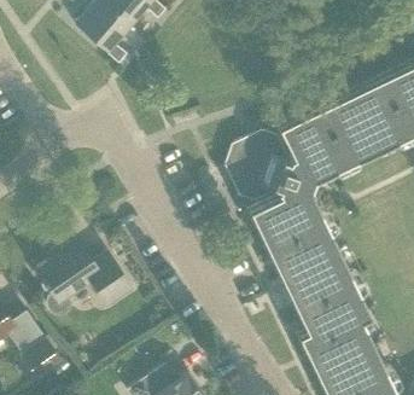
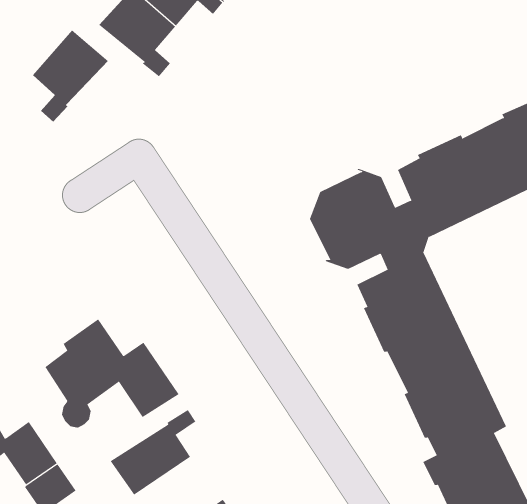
building: none -> [32,30,109,122]
building: none -> [110,409,196,495]

